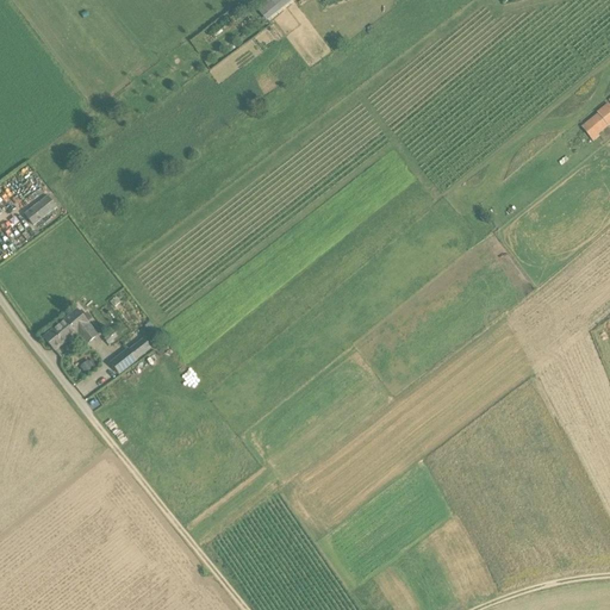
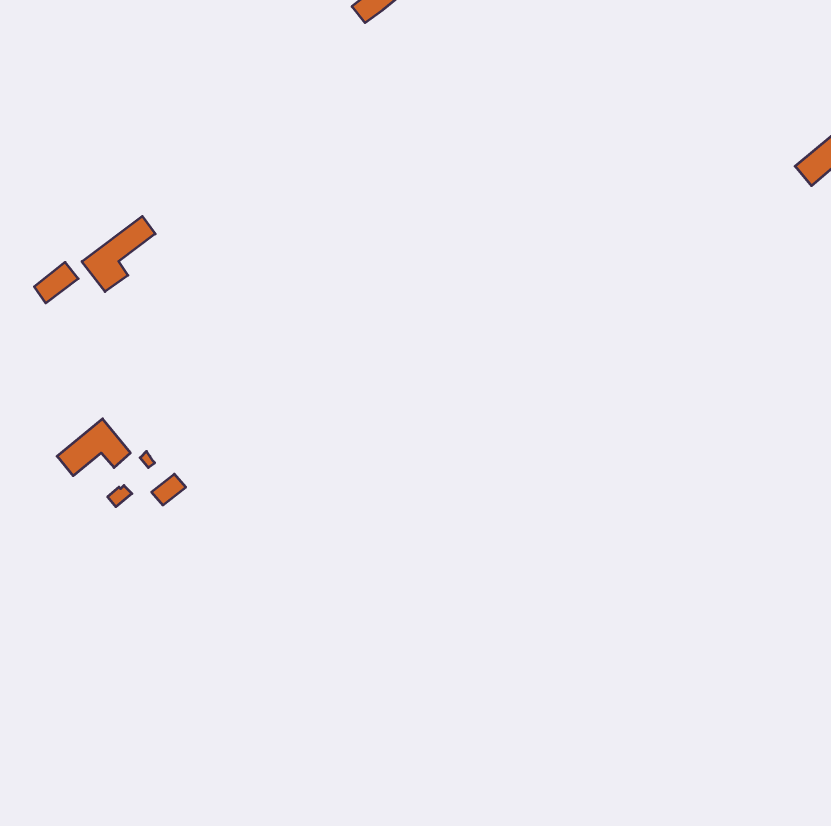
building: none -> [82,216,155,292]

